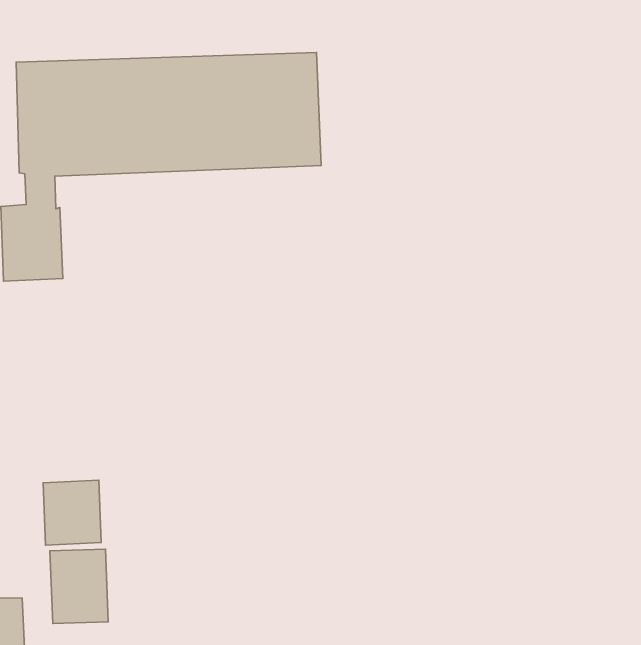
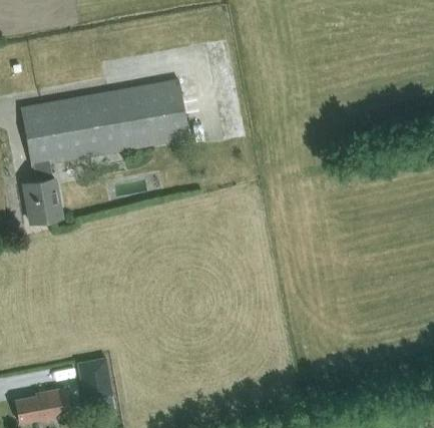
building: [43,480,101,545] -> none

